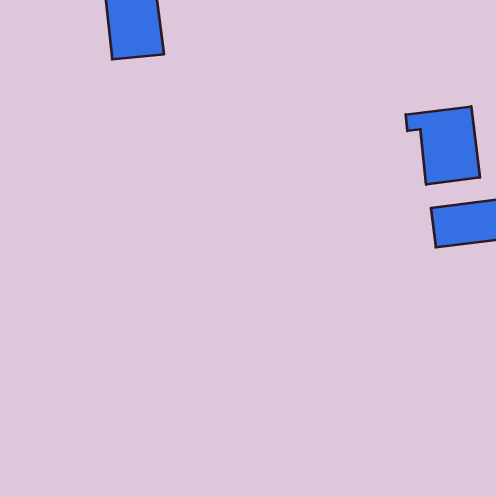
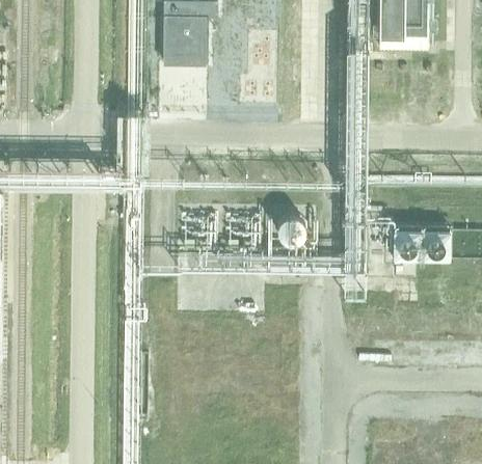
building: [406,106,480,185] -> none

